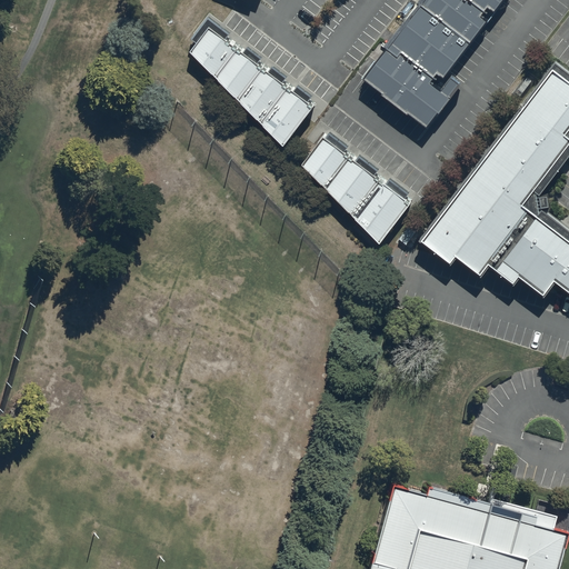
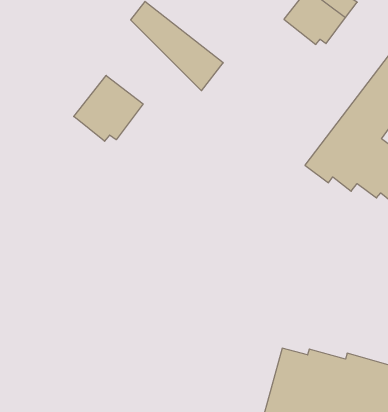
building: [366,50,452,132] -> none
building: none -> [74,75,143,141]
building: [302,138,409,243] -> none

